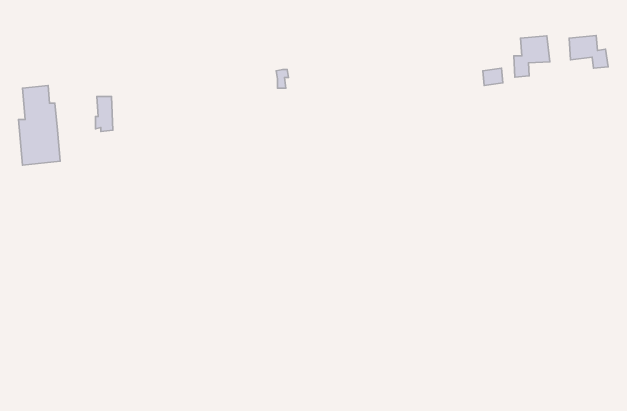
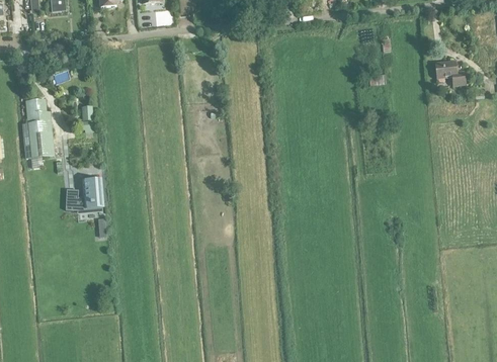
building: [514,36,550,77] -> none
building: none -> [65,180,102,211]

